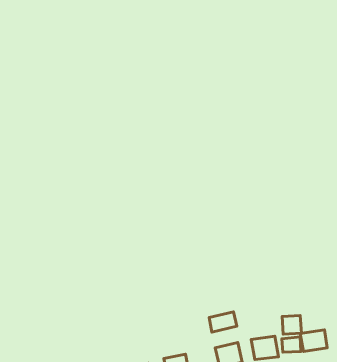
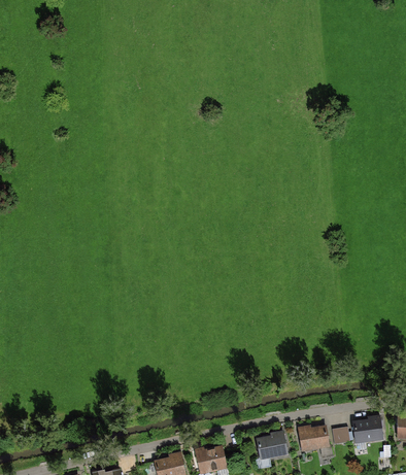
building: [209,312,237,332] -> none
building: [282,316,301,334] -> none

